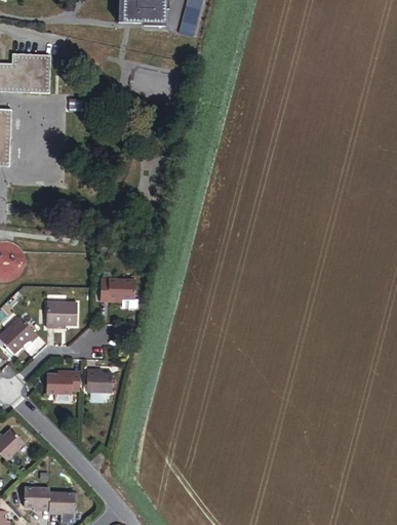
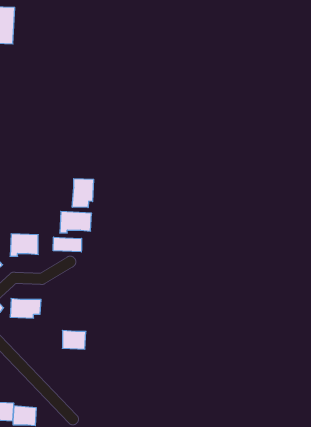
building: none -> [72,179,94,208]
building: none -> [53,237,82,252]
building: [86,371,112,392] -> [62,330,86,349]

